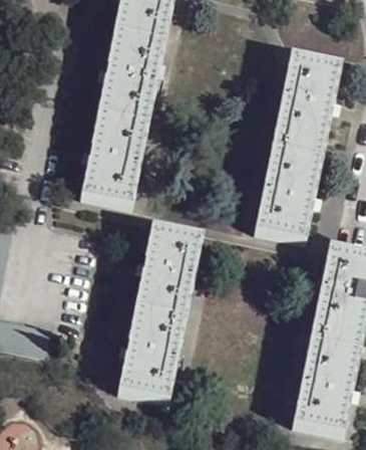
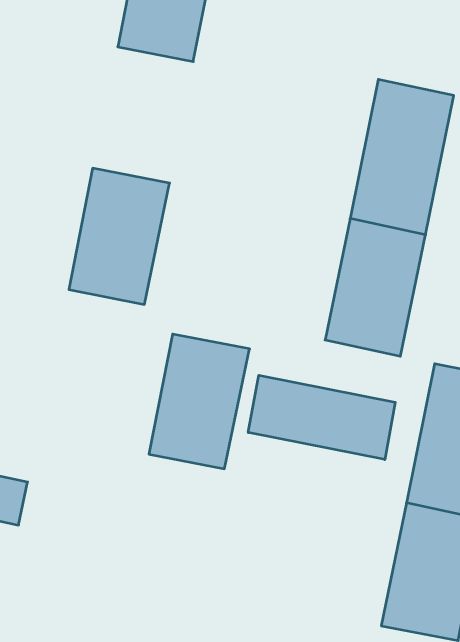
building: [96,34,164,127] -> none
building: none -> [248,375,395,460]
building: [117,310,186,404] -> none

